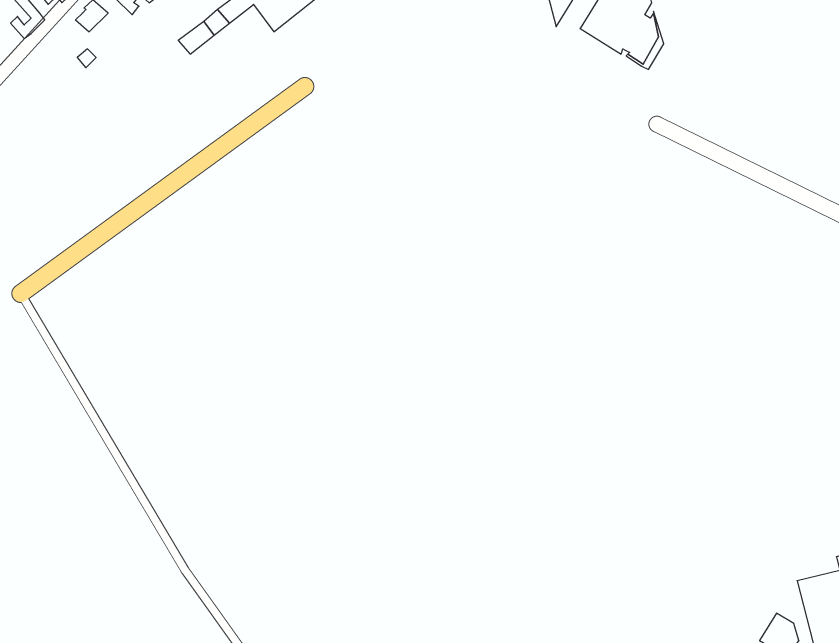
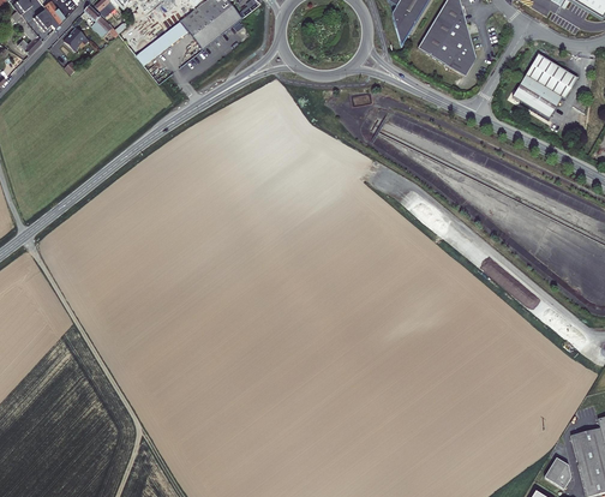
building: none -> [513,53,577,118]

